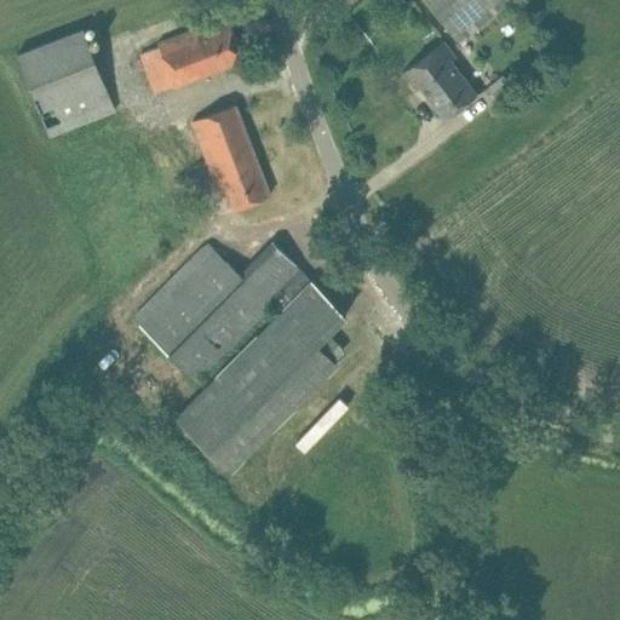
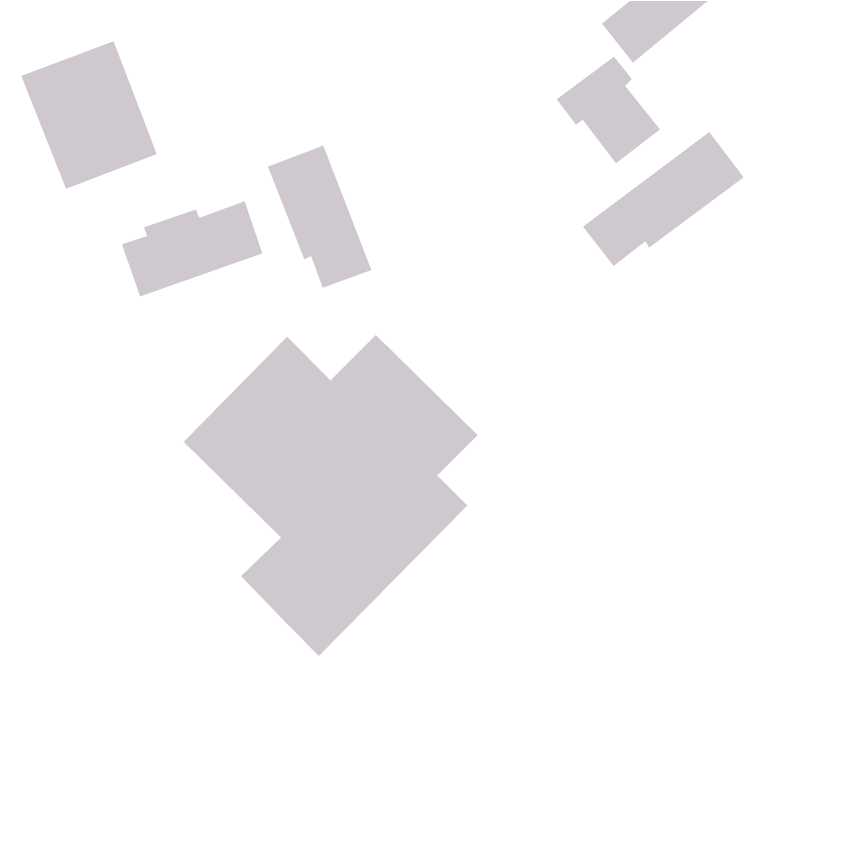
building: [139,23,242,93] -> [121,200,264,297]
building: none -> [582,131,745,267]

